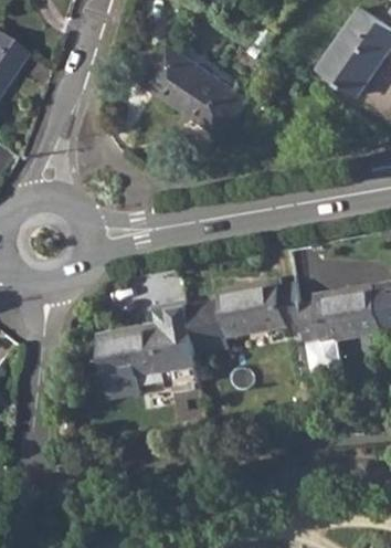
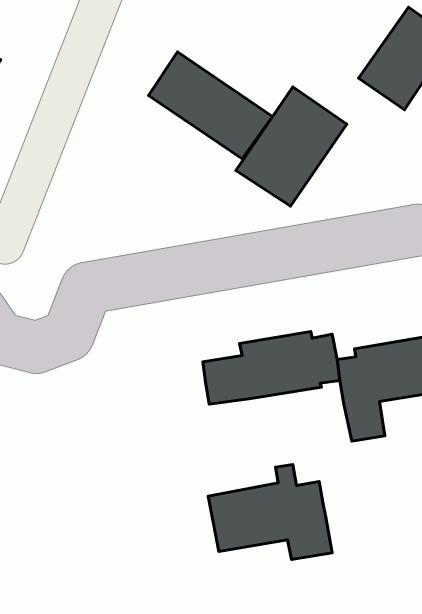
building: none -> [236,87,347,206]
building: [104,308,208,388] -> [208,464,332,559]

